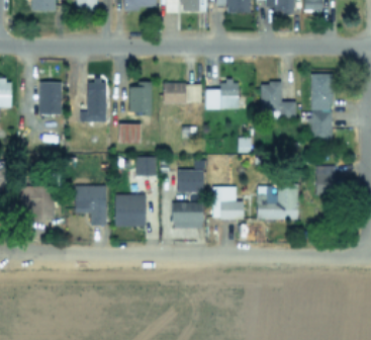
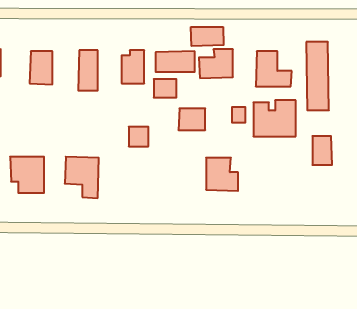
building: none -> [191,27,224,46]
building: [118,124,141,143] -> [154,79,176,98]
building: [177,171,203,192] -> [178,108,205,130]
building: [257,184,298,220] -> [253,100,296,136]
building: [114,195,146,227] -> none
building: [173,202,203,229] -> none

